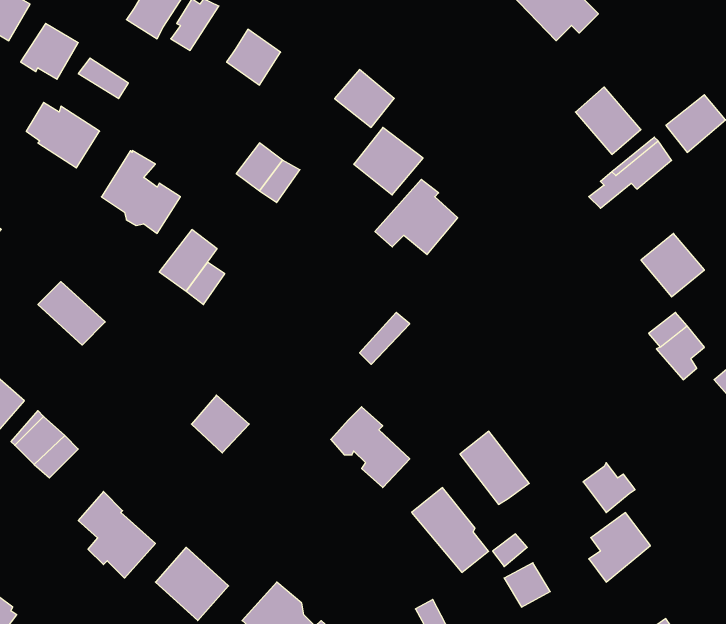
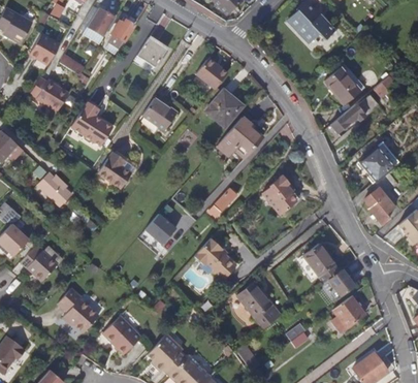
building: none -> [261,174,296,215]
building: [191,395,249,453] -> [146,213,176,244]
building: [460,431,529,504] -> [303,244,341,283]

